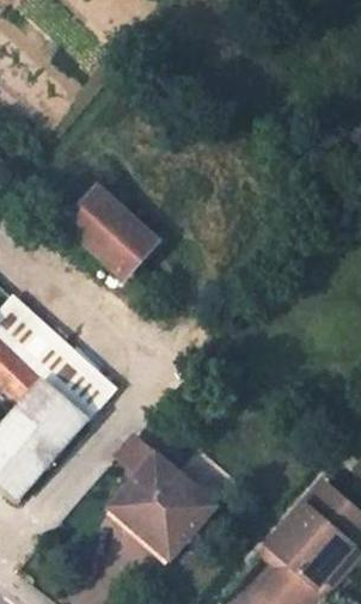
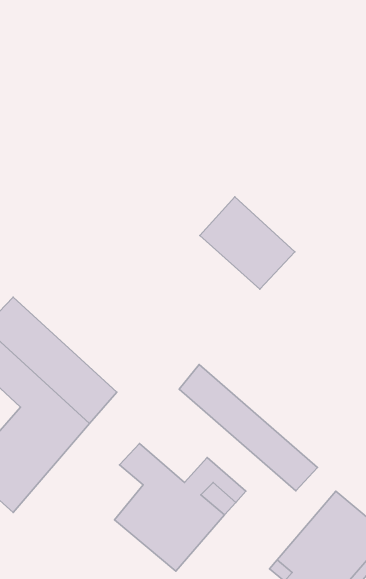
building: [65,187,155,275] -> [200,197,295,289]
building: none -> [179,365,317,491]

